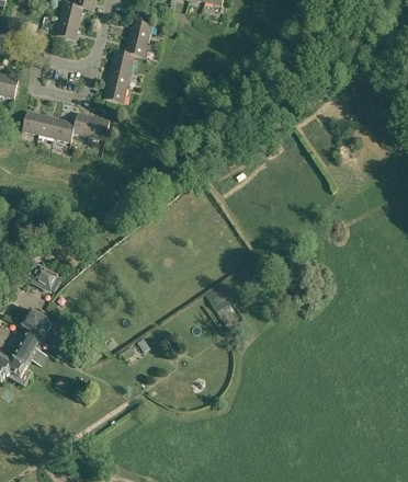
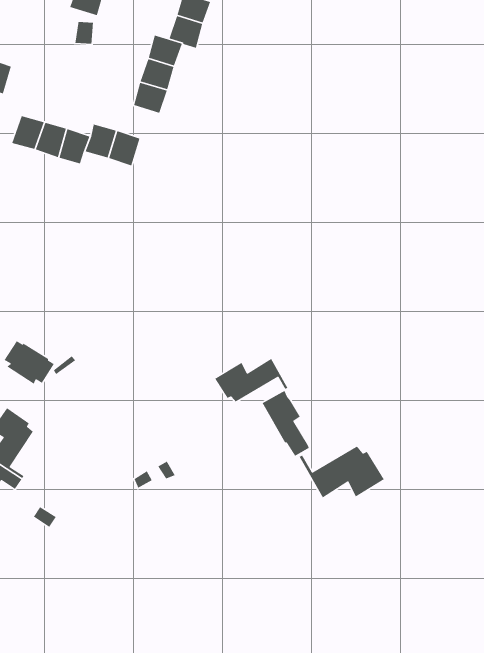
building: none -> [214,358,289,402]
building: none -> [299,445,385,498]

